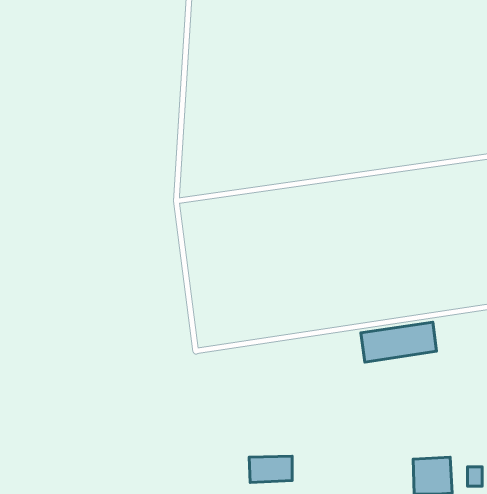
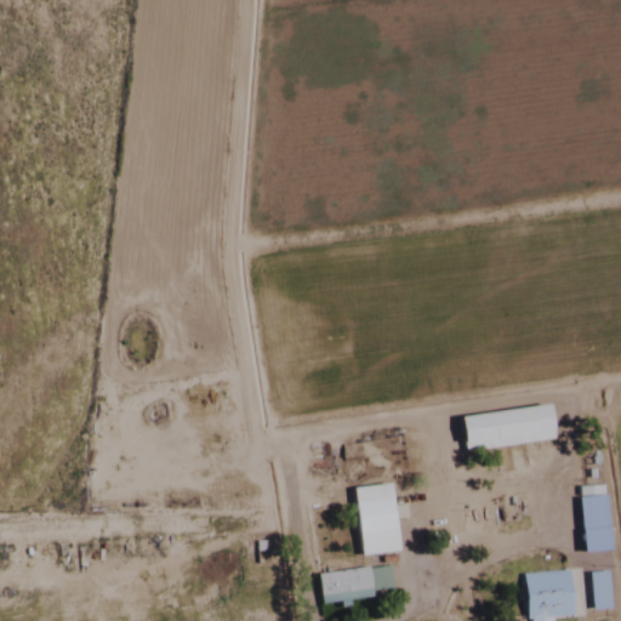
building: none -> [357,483,403,557]
building: none -> [583,494,614,552]

